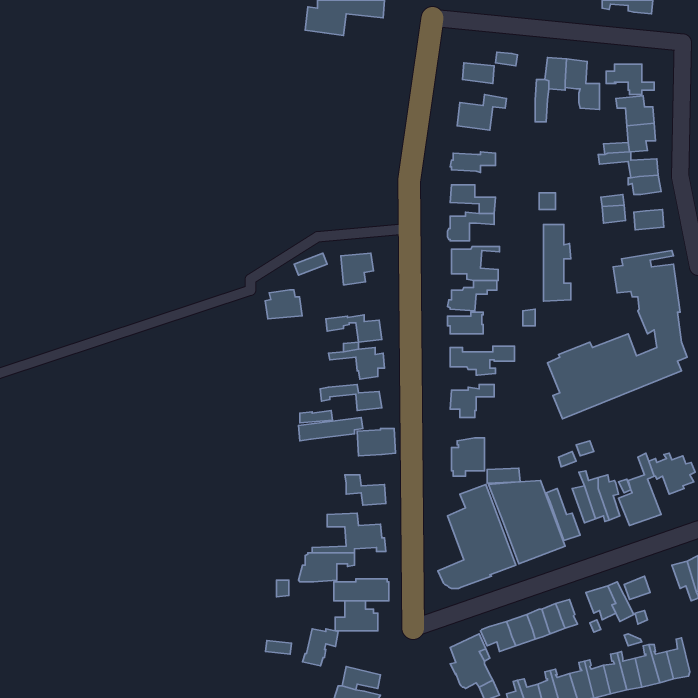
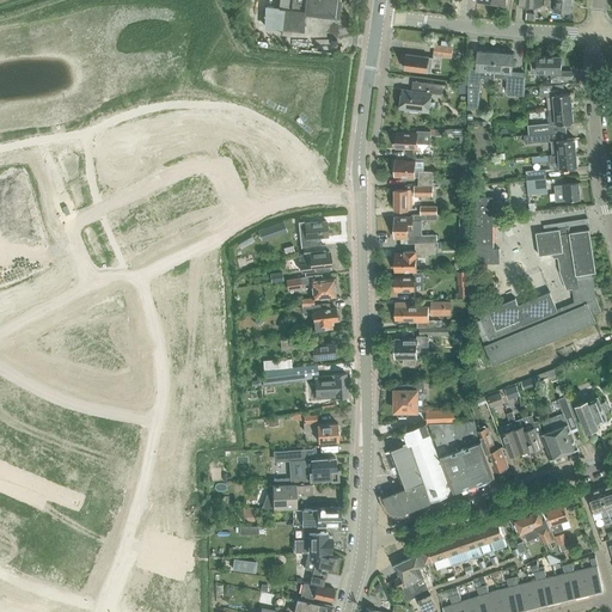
building: [265,290,302,319] -> [298,247,330,273]
building: [303,629,338,666] -> [306,555,337,587]

